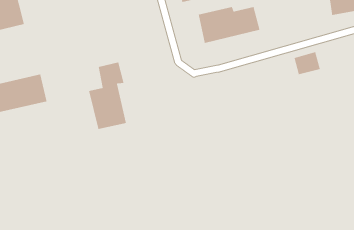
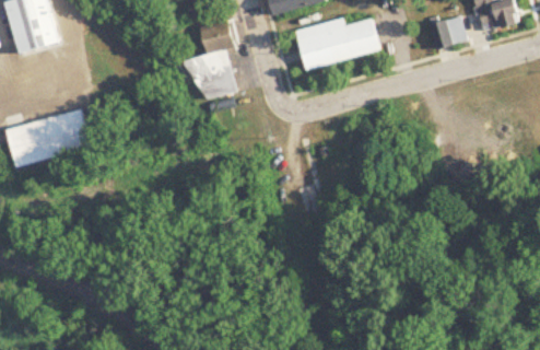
building: [293,51,321,75] -> [427,15,465,48]
building: [88,62,127,130] -> [187,19,239,112]

